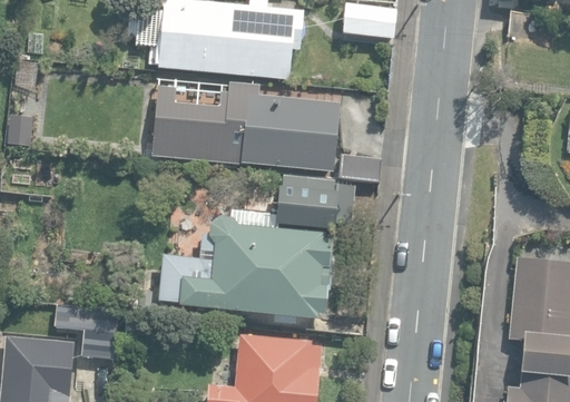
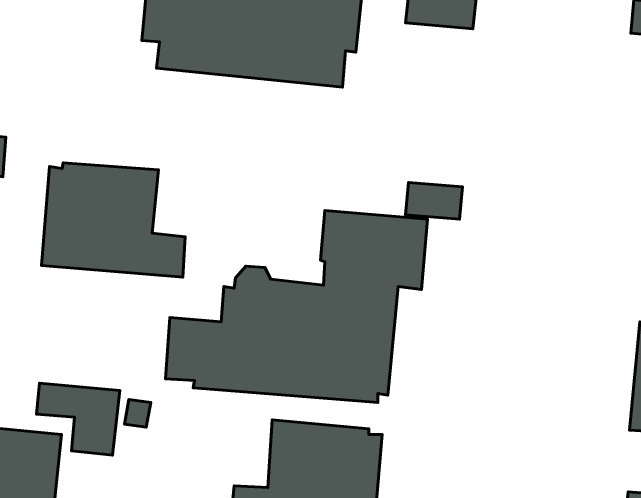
building: [153,82,337,171] -> none
building: none -> [42,163,185,277]

